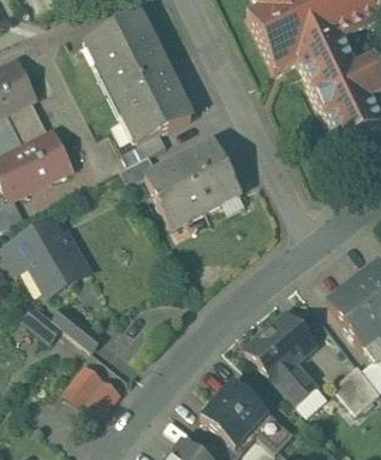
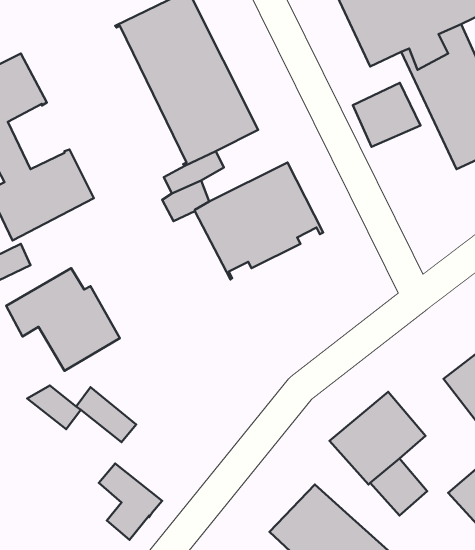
building: none -> [353,83,421,147]
building: [7,99,49,147] -> none

